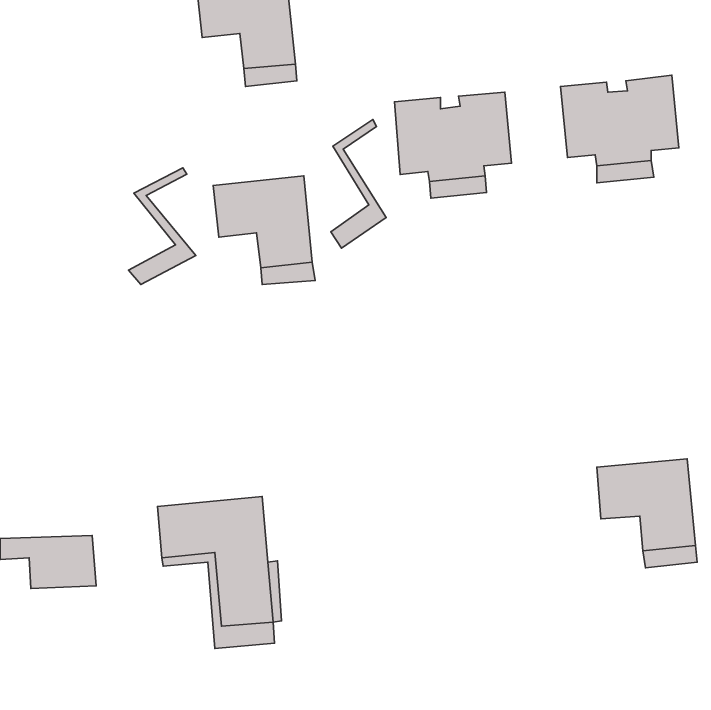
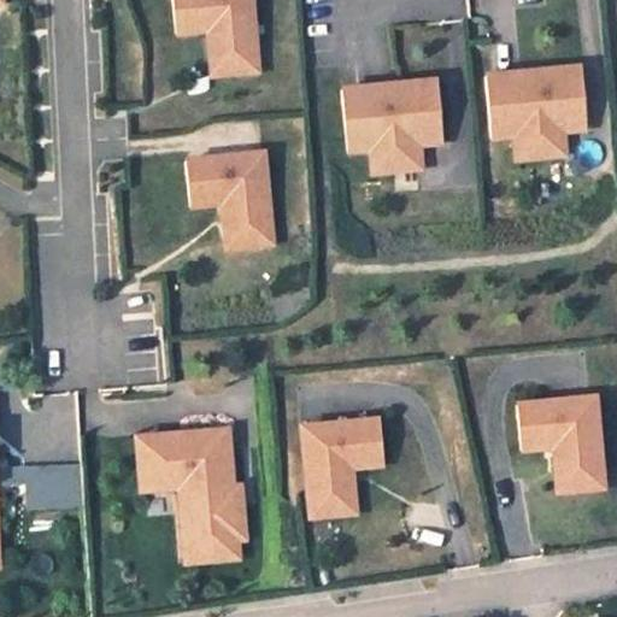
building: [331,120,386,248] -> none
building: [128,168,196,284] -> none
building: none -> [302,418,384,500]

